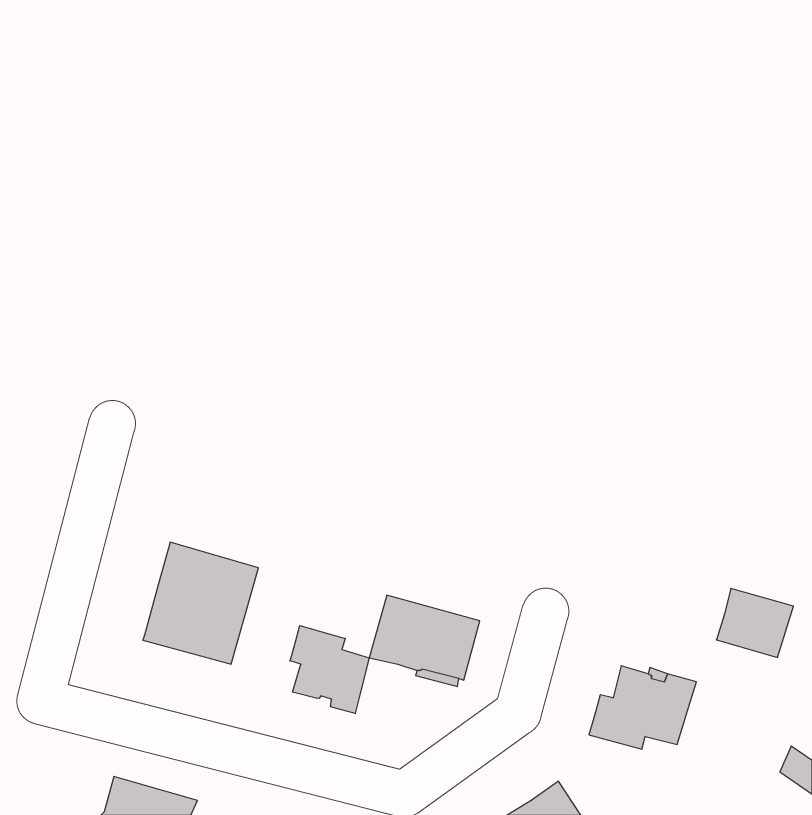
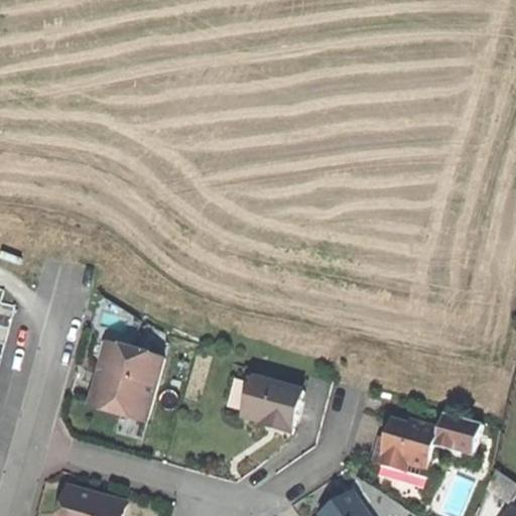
building: [716,588,793,657] -> [432,412,481,456]
building: [290,626,369,714] -> none

